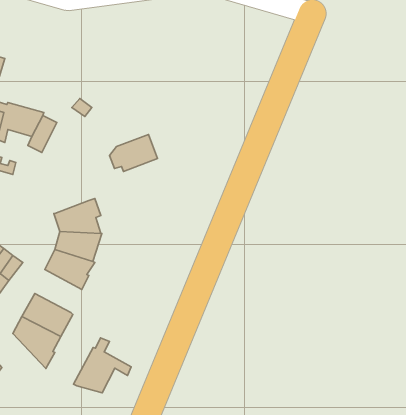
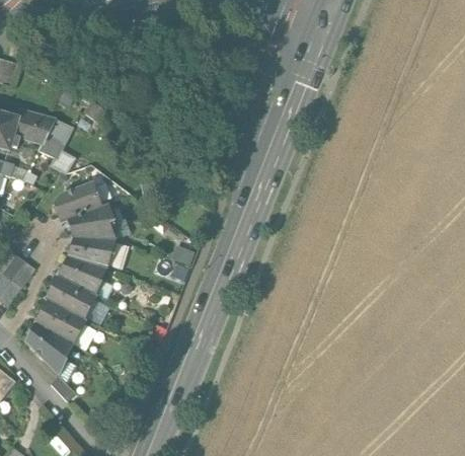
building: [109,135,157,172] -> [54,182,102,220]
building: none -> [46,277,96,320]
building: [74,338,131,393] -> none

